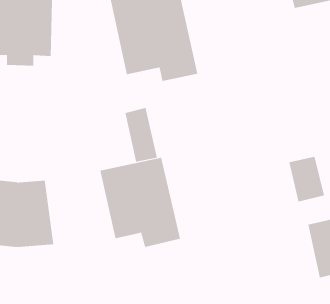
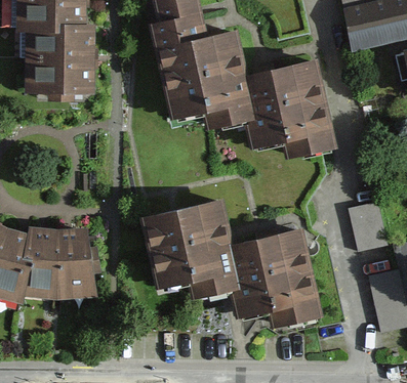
building: none -> [243,55,329,153]
building: [125,107,157,163] -> none
building: none -> [223,235,312,325]

